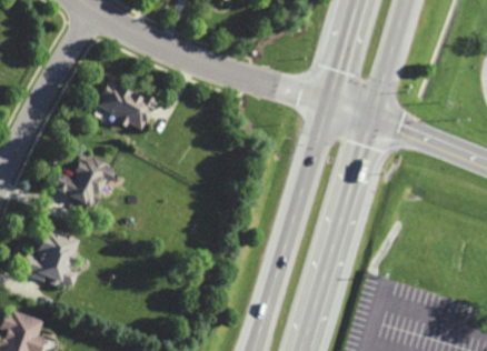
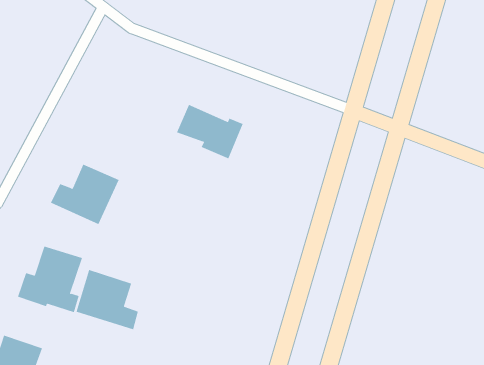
building: [97,81,158,131] -> [176,104,243,159]
building: none -> [76,269,139,330]

